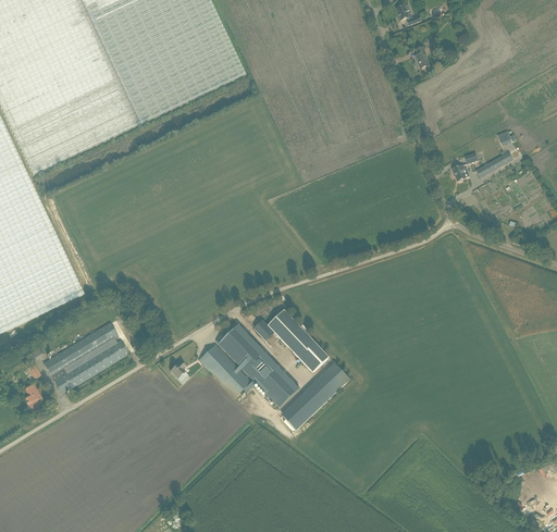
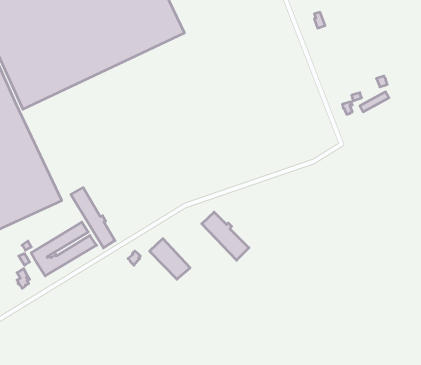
building: none -> [71,188,115,248]
building: [214,322,298,406] -> none
building: [285,360,348,422] -> none

